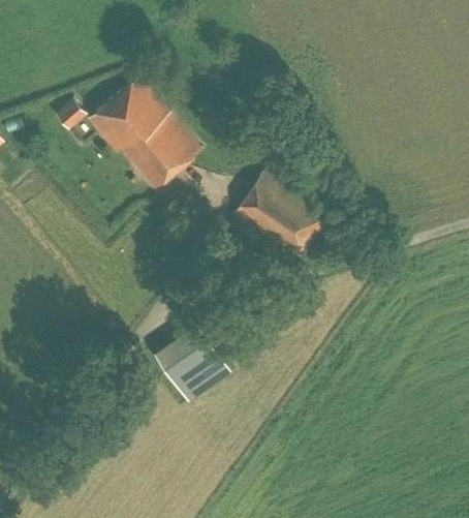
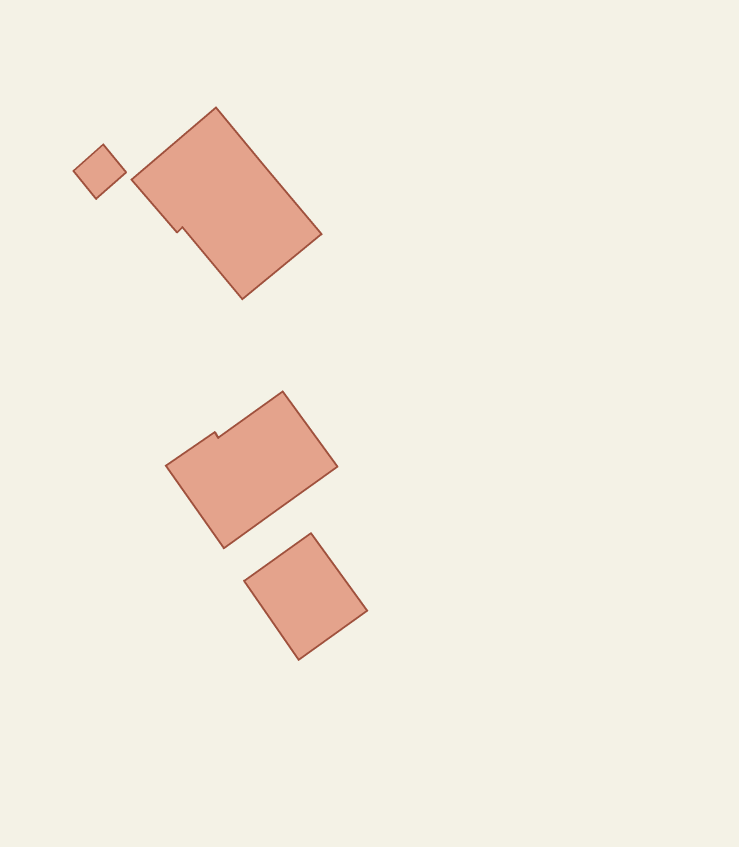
building: [234,172,329,257] -> none
building: none -> [166,391,337,548]

